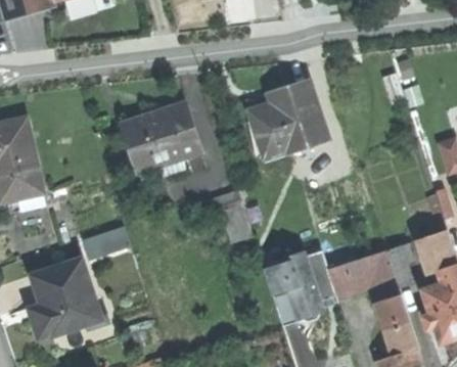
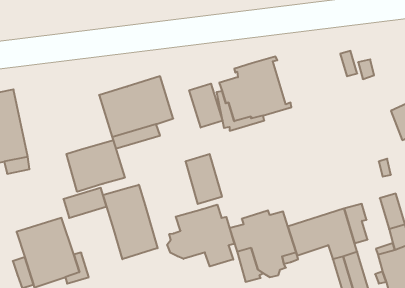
building: none -> [189,84,222,128]
building: none -> [66,140,125,192]
building: none -> [103,185,158,259]
building: none -> [167,205,234,266]

